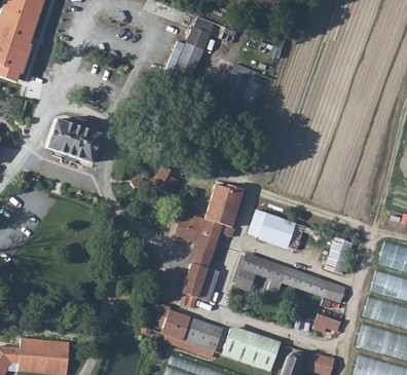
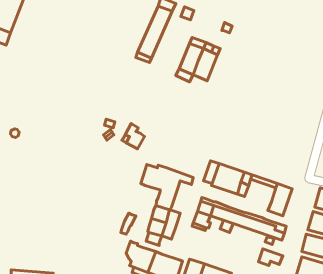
building: [45,117,100,163] -> none
building: [205,184,244,228] -> none

